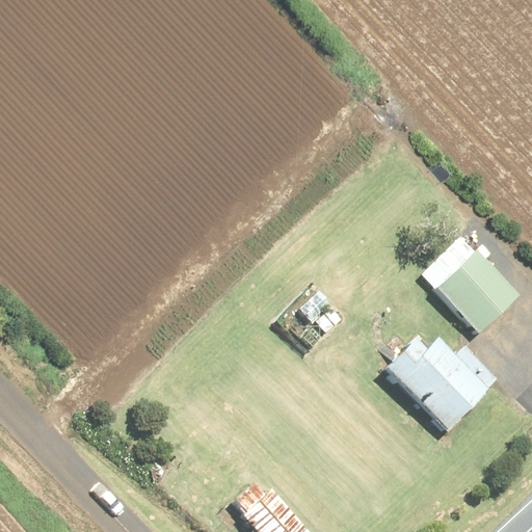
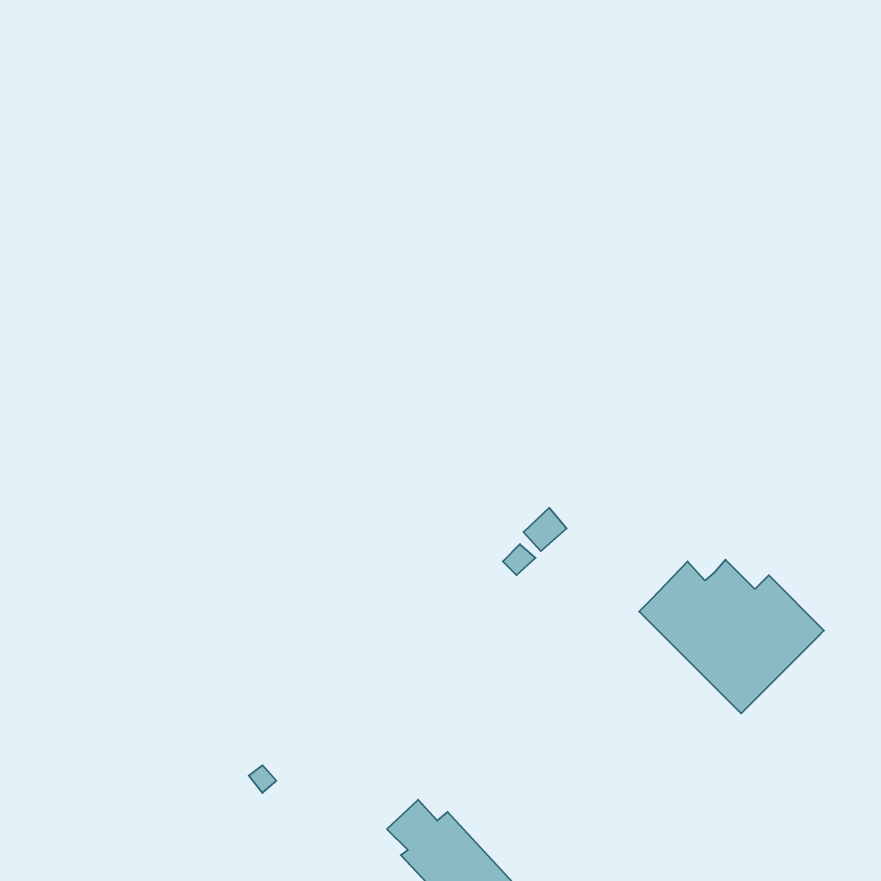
building: [430,237,520,334] -> none

